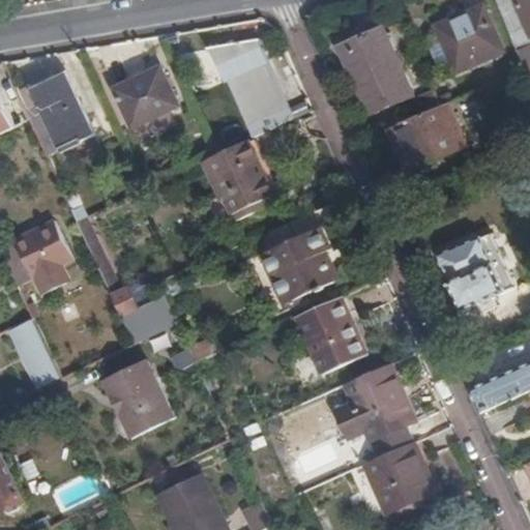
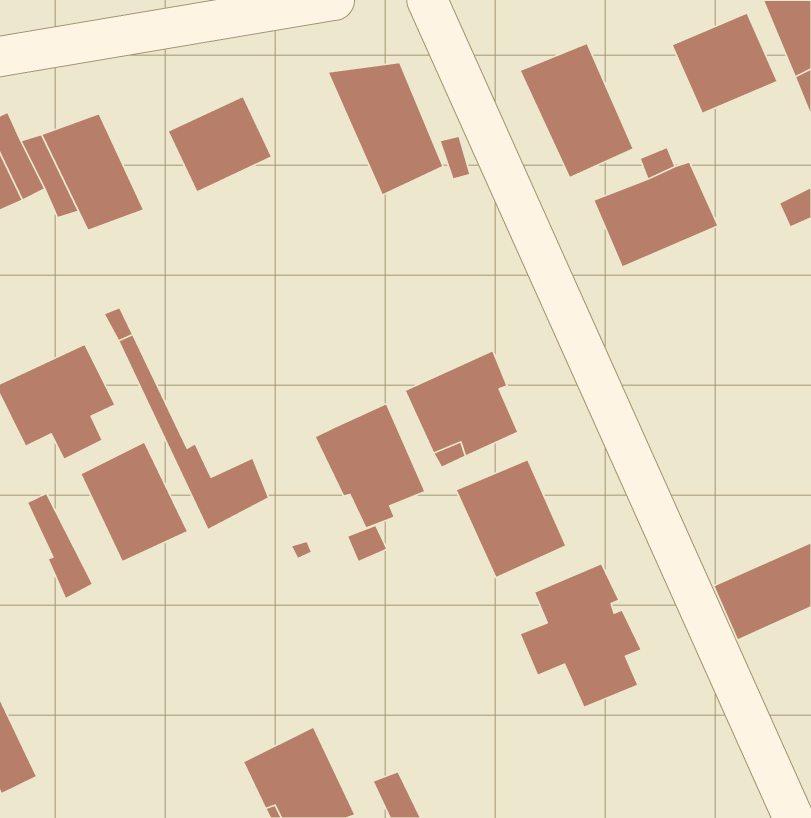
building: [204,139,275,219] -> [315,403,425,528]
building: [435,233,508,311] -> none
building: [105,359,174,437] -> [81,442,188,562]
building: [364,443,436,513] -> none

